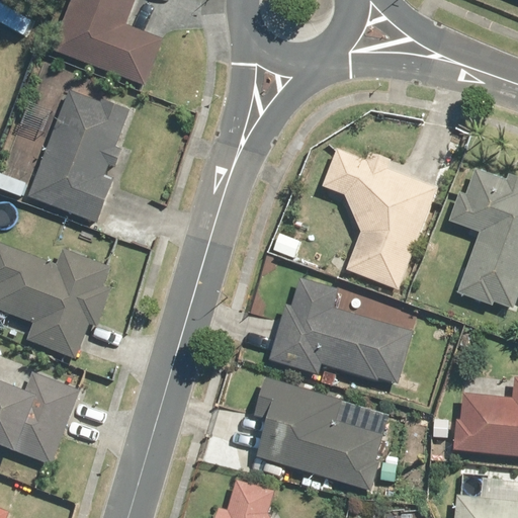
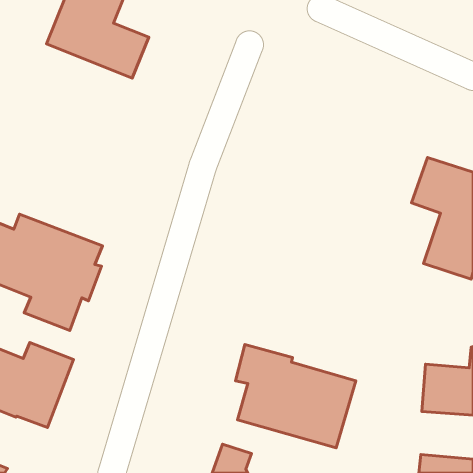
building: [28,90,131,223] -> none
building: [321,150,435,286] -> none
building: [274,278,407,380] -> none

